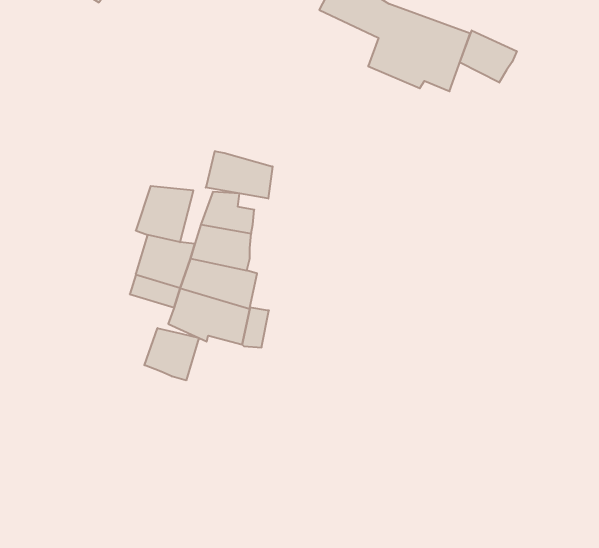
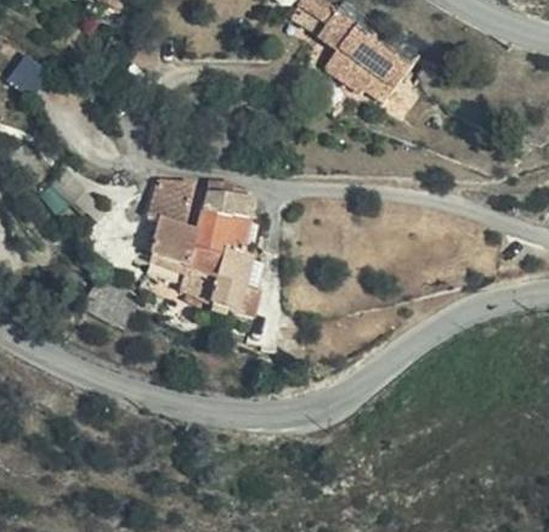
building: [460,30,517,83] -> none
building: [206,151,273,199] -> none
building: [144,328,199,380] -> none

